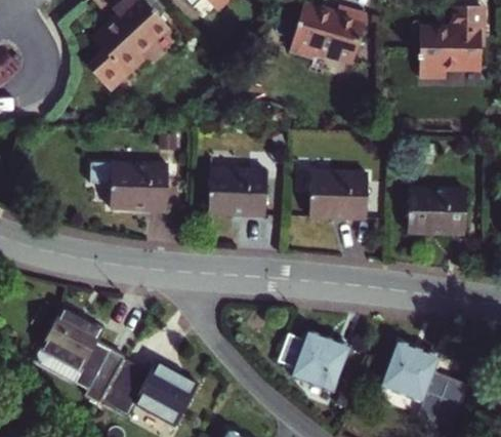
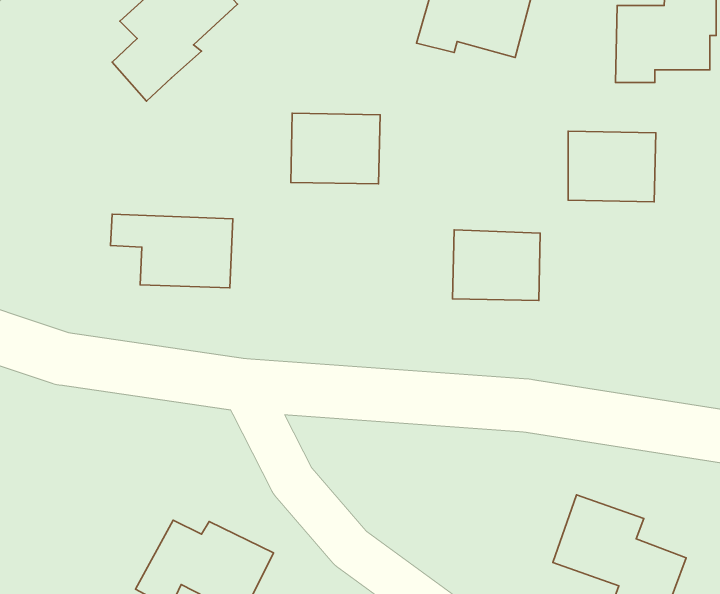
building: [209,169,267,215] -> [291,113,380,184]
building: [407,190,464,236] -> [568,131,656,202]
building: [38,312,125,405] -> none
building: [276,337,346,396] -> none

